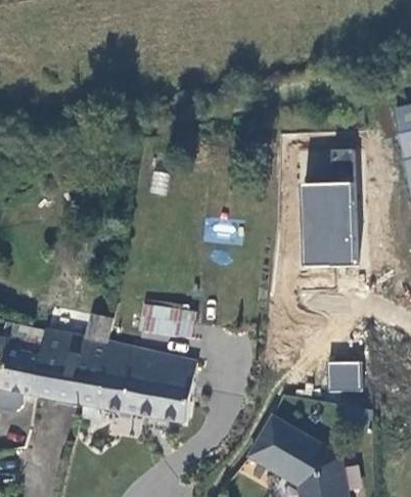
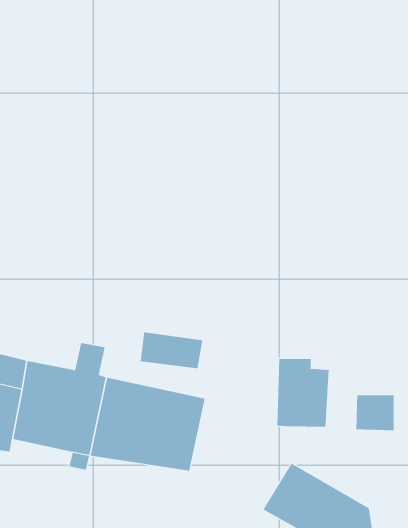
building: [300,145,359,264] -> none
building: none -> [277,358,329,427]

